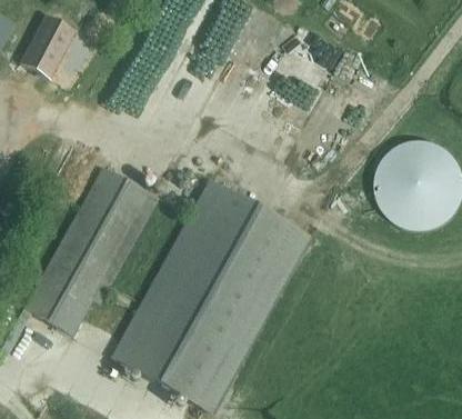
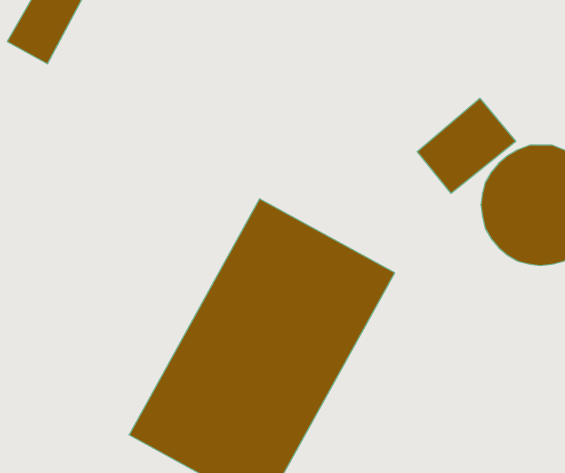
building: none -> [417,98,516,193]
building: [24,167,159,336] -> none

